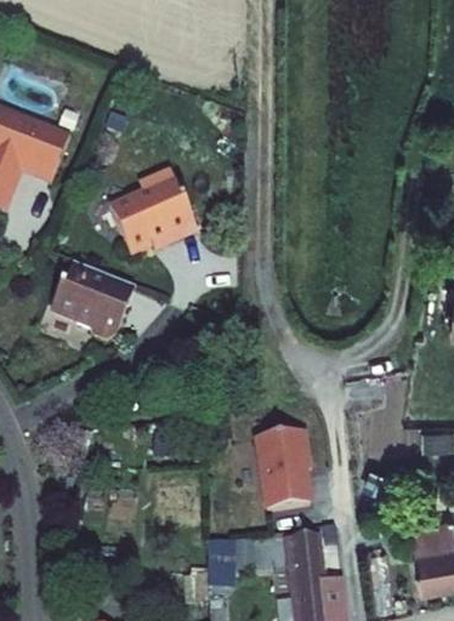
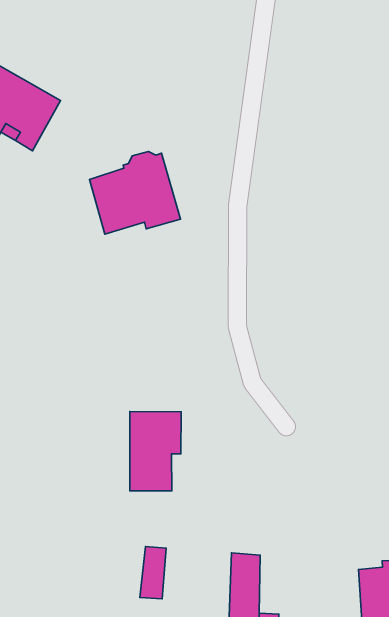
building: [56,261,140,337] -> none
building: [249,426,301,505] -> [130,412,181,491]

